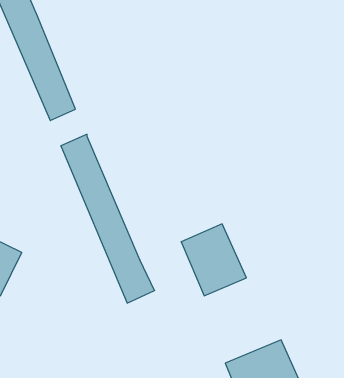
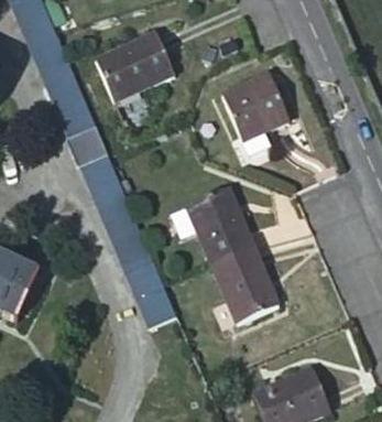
building: none -> [91,28,170,97]
building: none -> [220,68,287,153]
building: none -> [182,183,251,261]

